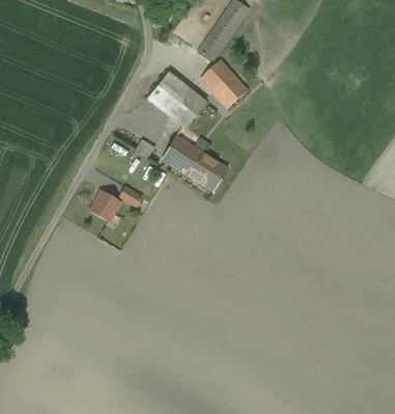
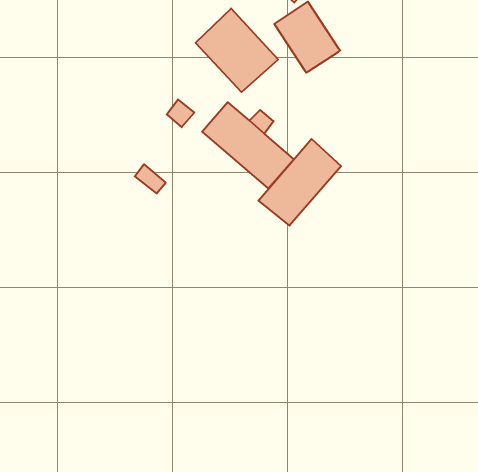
building: none -> [258,139,341,226]
building: [90,191,120,220] -> none

